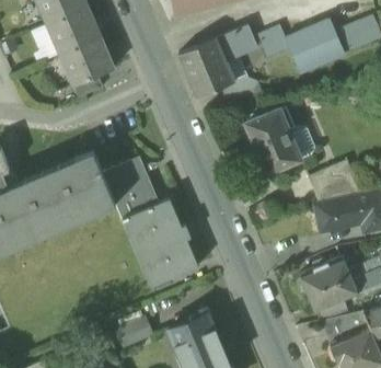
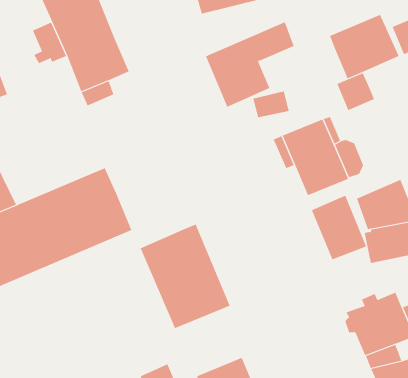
building: [256,25,289,58] -> [336,72,375,111]
building: [103,157,160,219] -> none
building: none -> [311,195,367,260]

